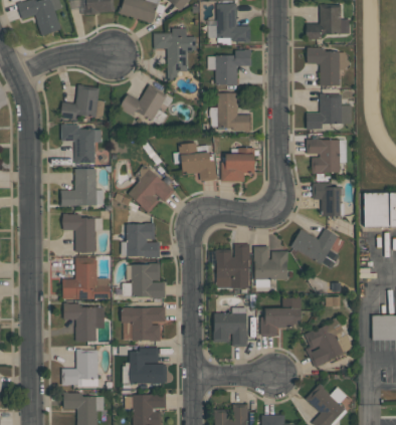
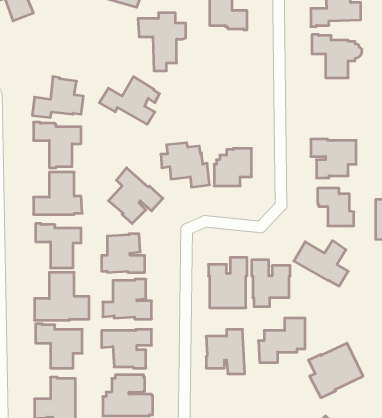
building: [206,48,250,83] -> none
building: [209,92,249,132] -> none
building: [306,92,351,130] -> none

